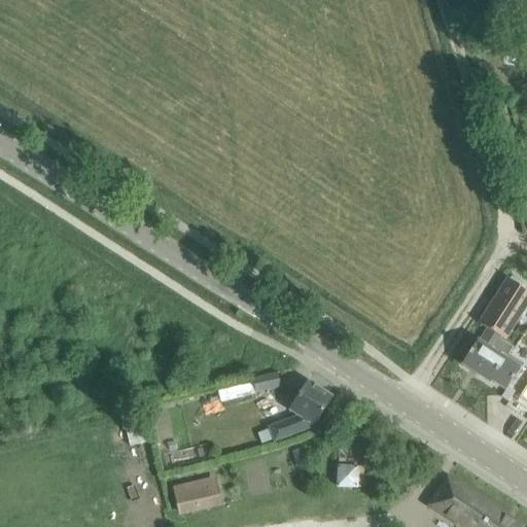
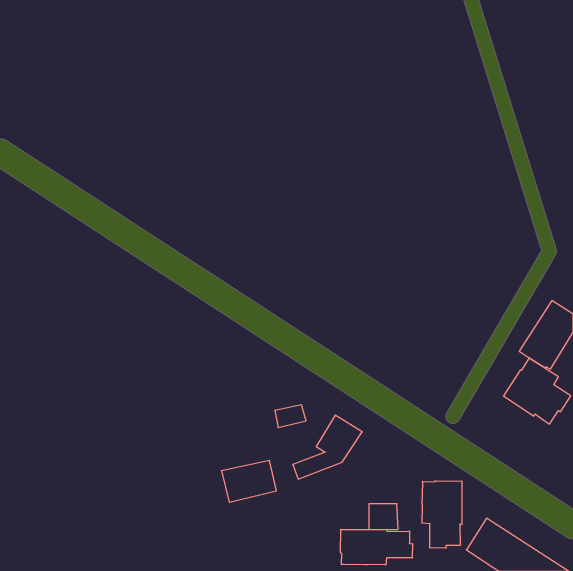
building: none -> [422,481,462,548]
building: [172,476,222,514] -> [221,461,276,502]
building: none -> [341,529,413,565]

